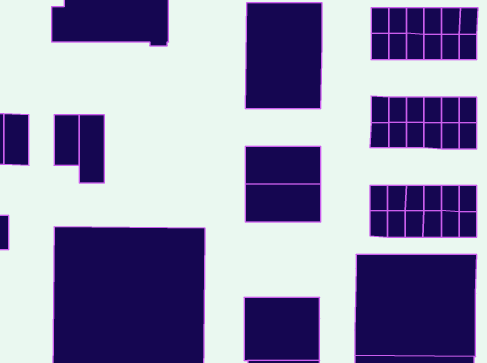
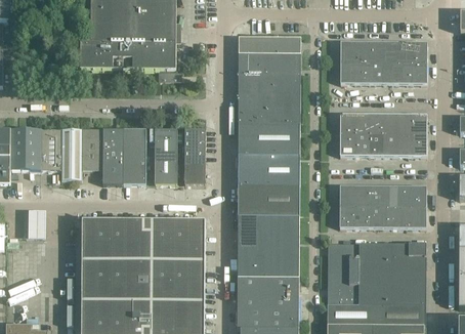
building: none -> [238,123,299,154]
building: none -> [61,128,82,179]
building: none -> [123,128,145,183]
building: none -> [154,128,177,183]
building: none -> [184,128,205,184]
building: none -> [237,215,299,277]

